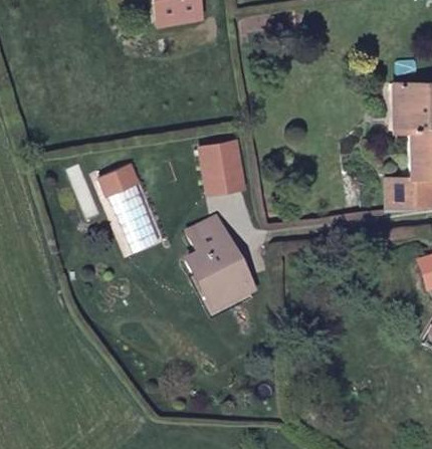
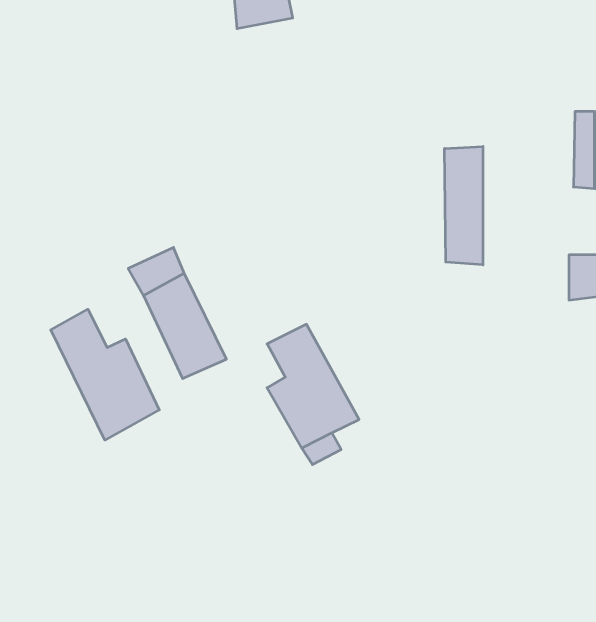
building: none -> [445,146,483,265]
building: [202,143,245,190] -> none
building: none -> [51,309,159,440]

